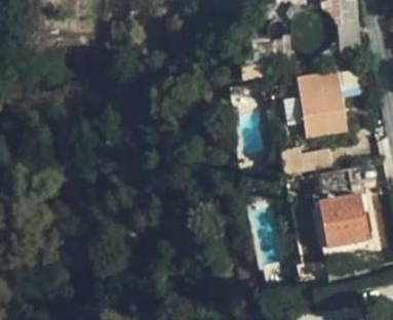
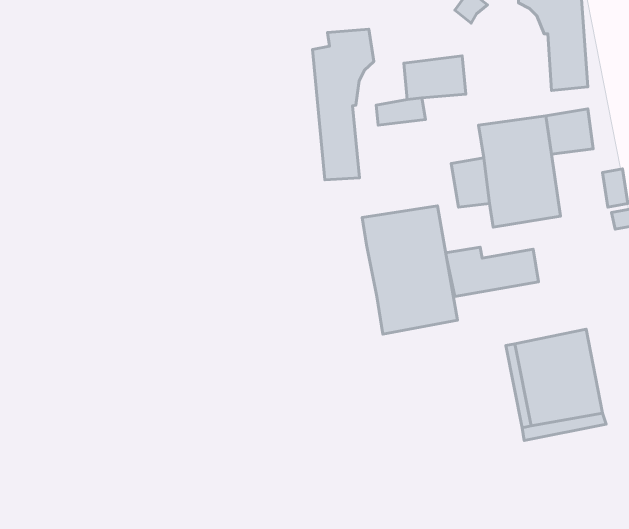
building: none -> [313,29,374,180]
building: none -> [362,206,457,334]

